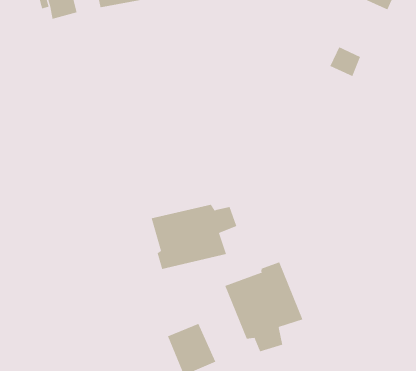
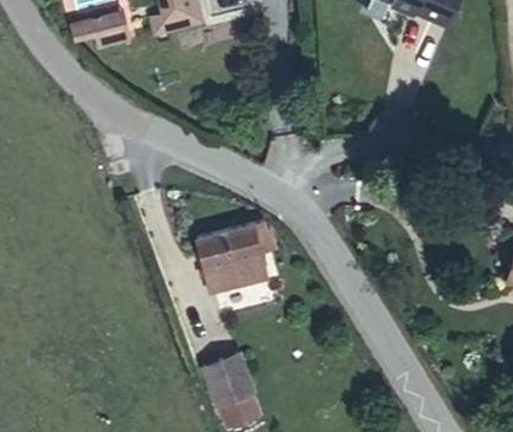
building: [224,261,303,352] -> none

